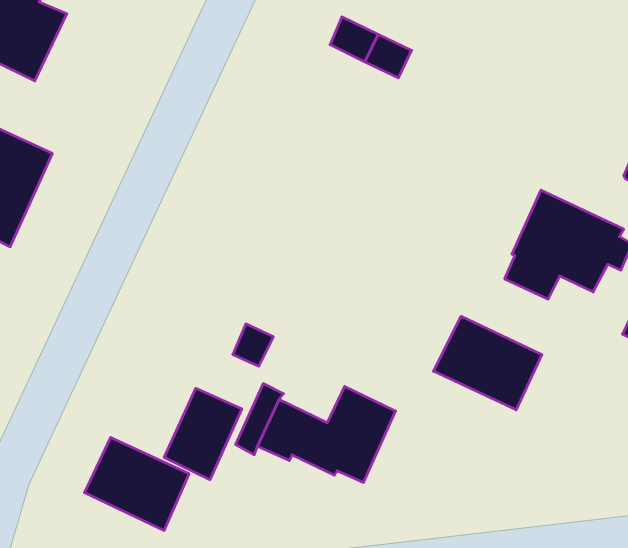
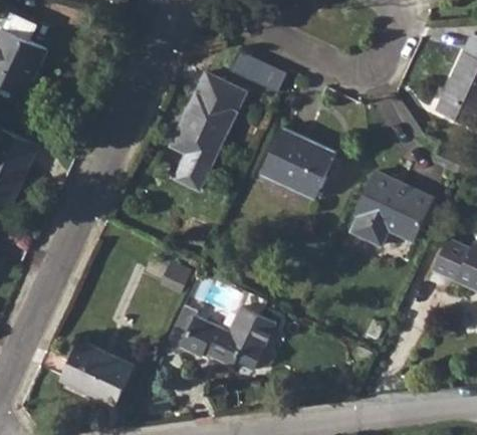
building: none -> [169,71,245,191]
building: none -> [259,126,336,200]
building: [433,316,542,410] -> none
building: [164,388,242,480] -> none

